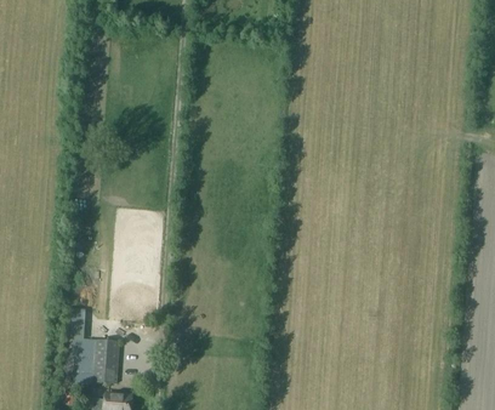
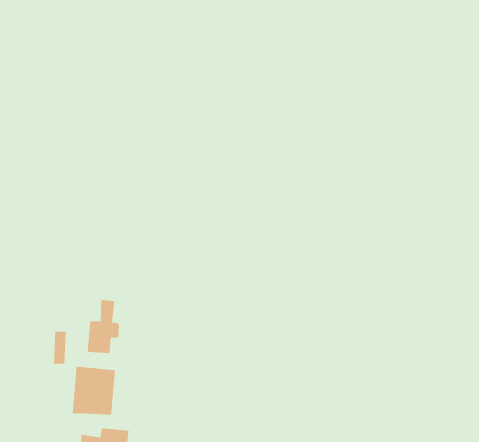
building: none -> [87,299,120,354]

